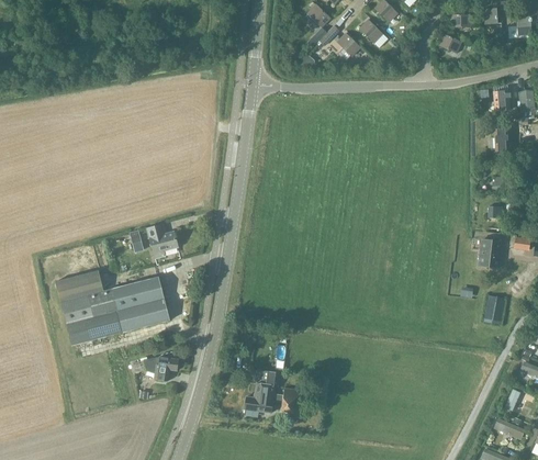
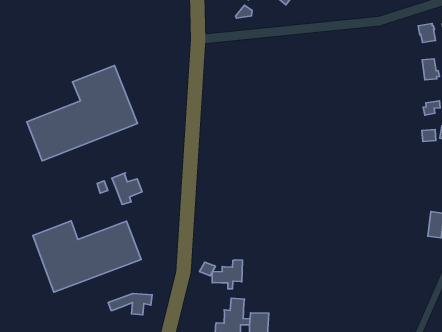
building: none -> [27,66,138,161]
building: [479,238,501,267] -> none
building: none -> [212,260,243,289]

